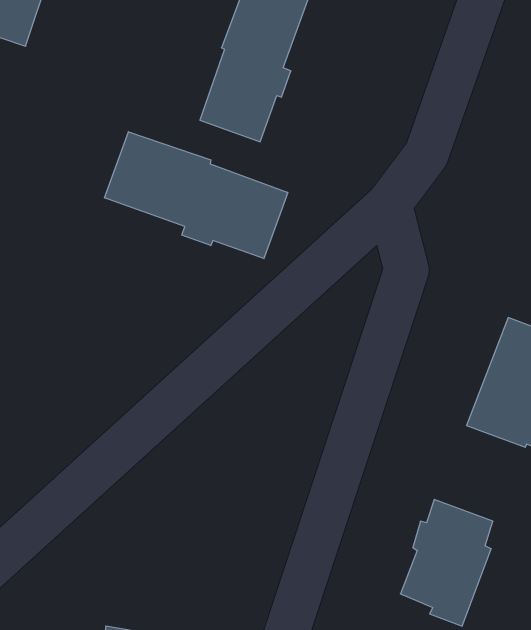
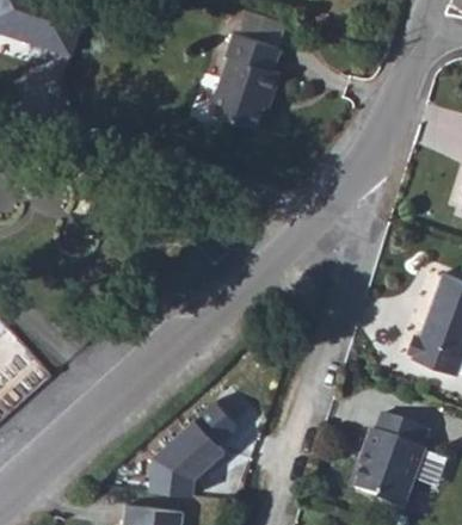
building: [105,132,288,259] -> none
building: none -> [144,402,239,504]

